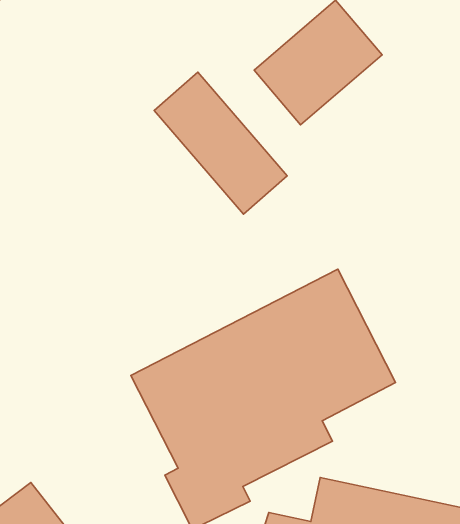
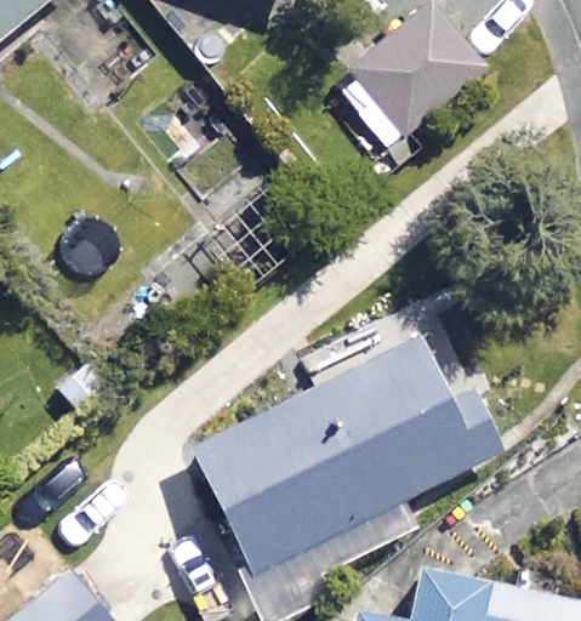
building: [154,72,287,214] -> none

